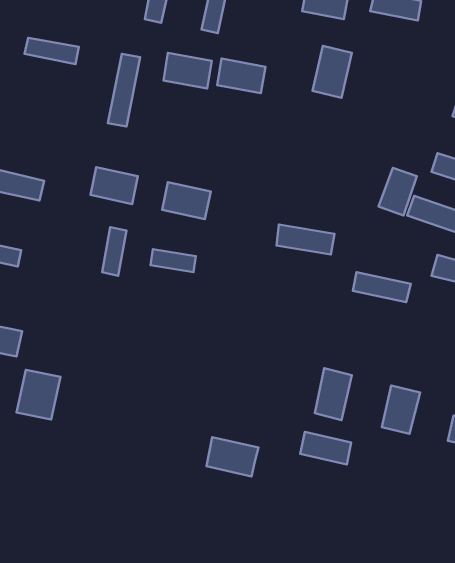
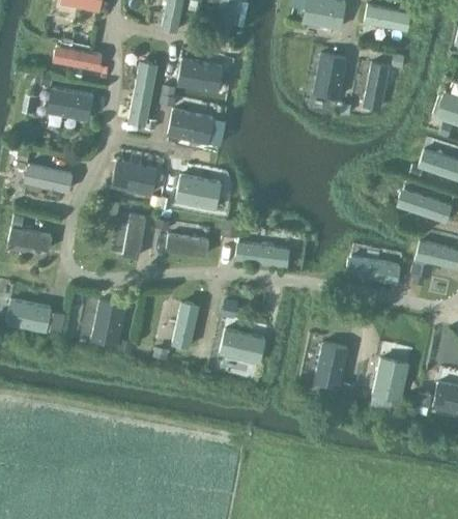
building: none -> [363,64,388,108]
building: [217,59,266,93] -> [170,111,213,142]
building: none -> [48,88,93,120]
building: [378,168,417,215] -> none
building: [277,225,334,255] -> [235,240,287,267]
building: none -> [173,301,199,347]
building: [17,370,61,419] -> [85,301,124,346]
building: [300,432,351,465] -> none
building: [206,437,258,477] -> [220,328,266,364]

